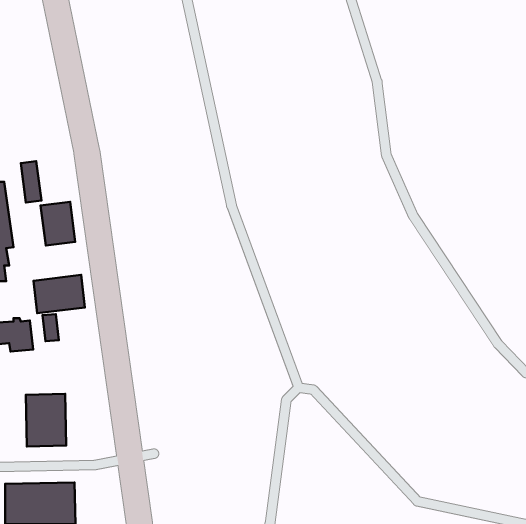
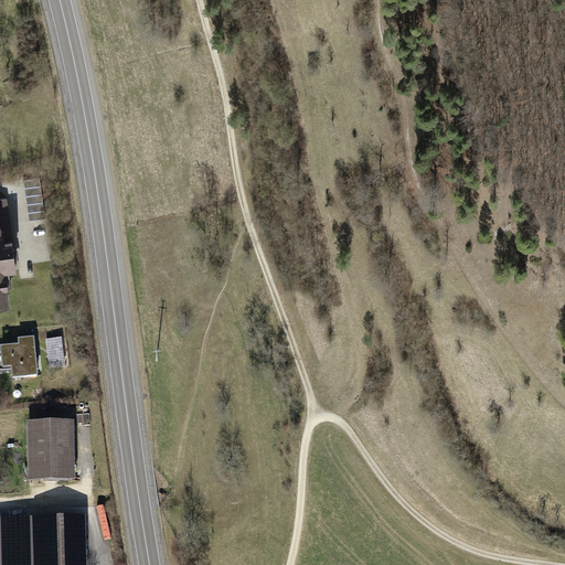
building: [41,202,75,246] -> none
building: [34,275,85,313] -> none

